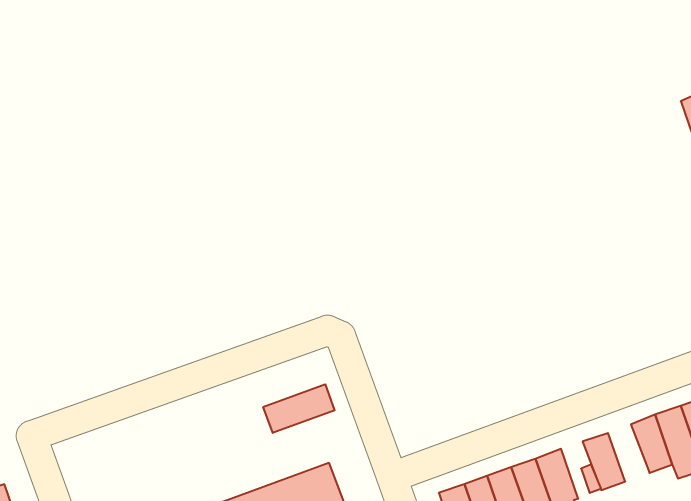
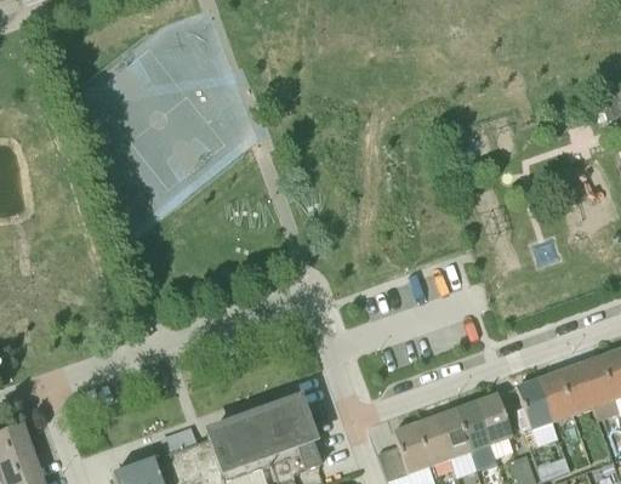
building: [263,384,335,433] -> none
building: none -> [537,372,572,421]

